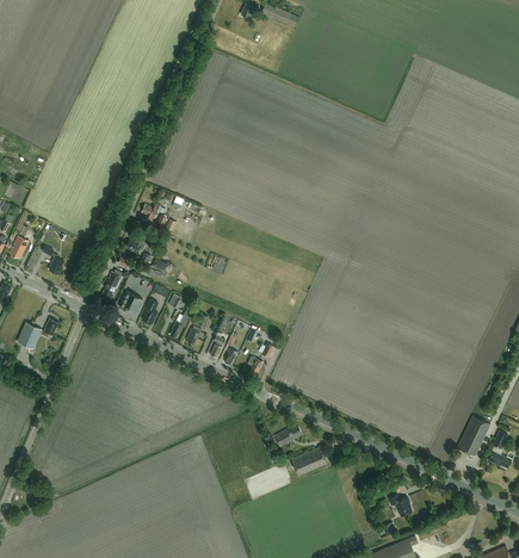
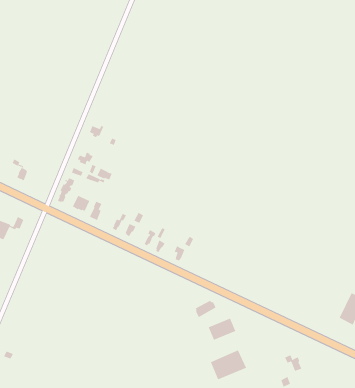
building: none -> [210,350,247,380]

